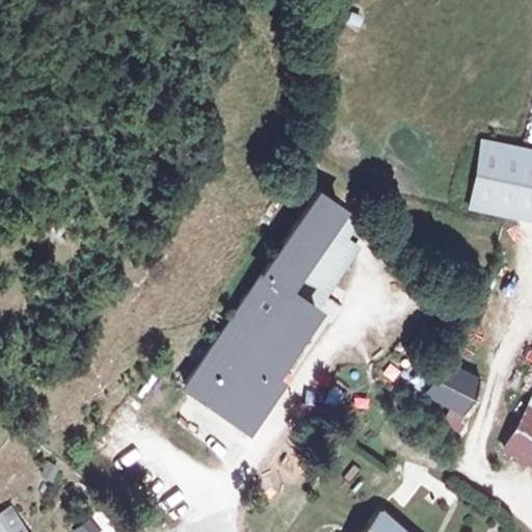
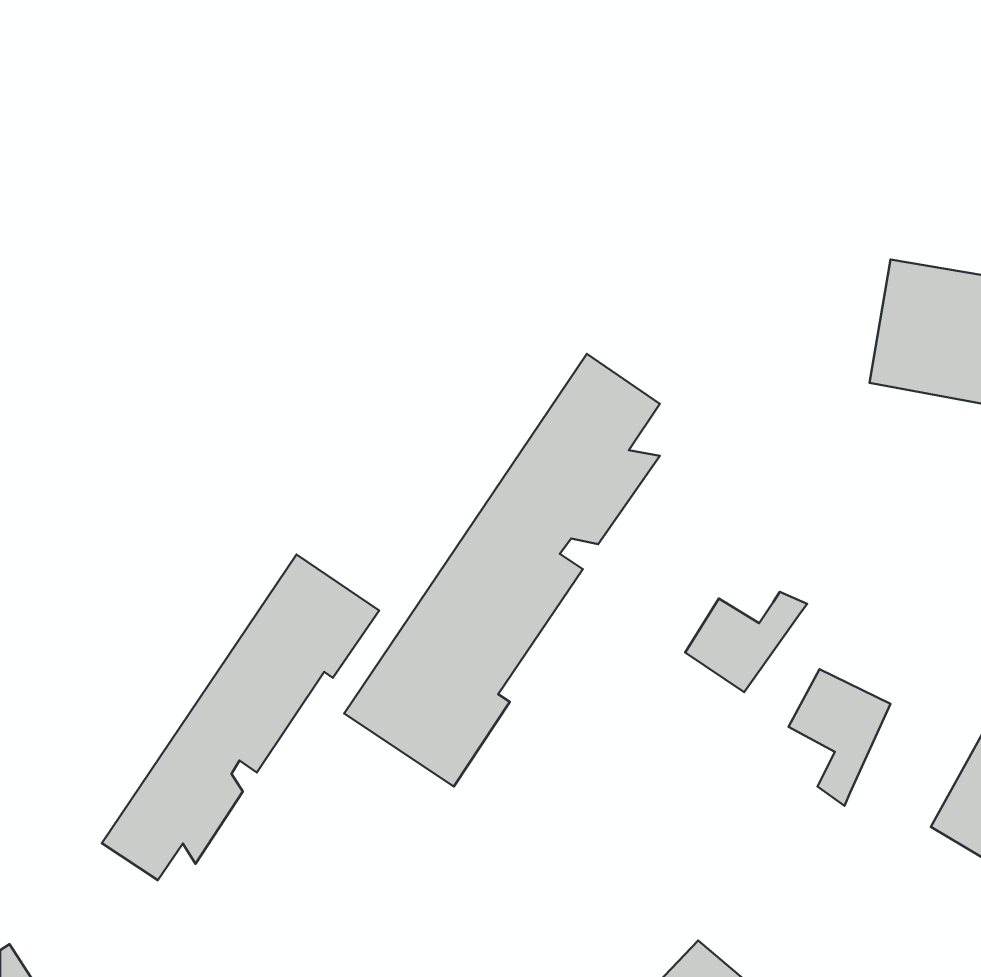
building: none -> [102,554,379,880]
building: none -> [685,592,807,692]

